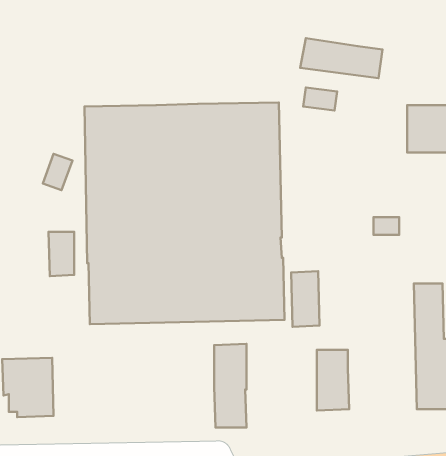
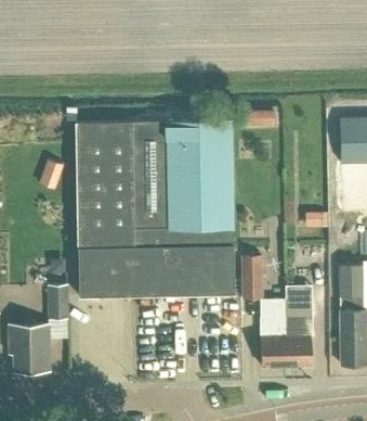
building: [300,38,382,78] -> none
building: [49,232,74,276] -> [47,282,67,318]
building: [214,344,247,427] -> [286,298,312,366]

